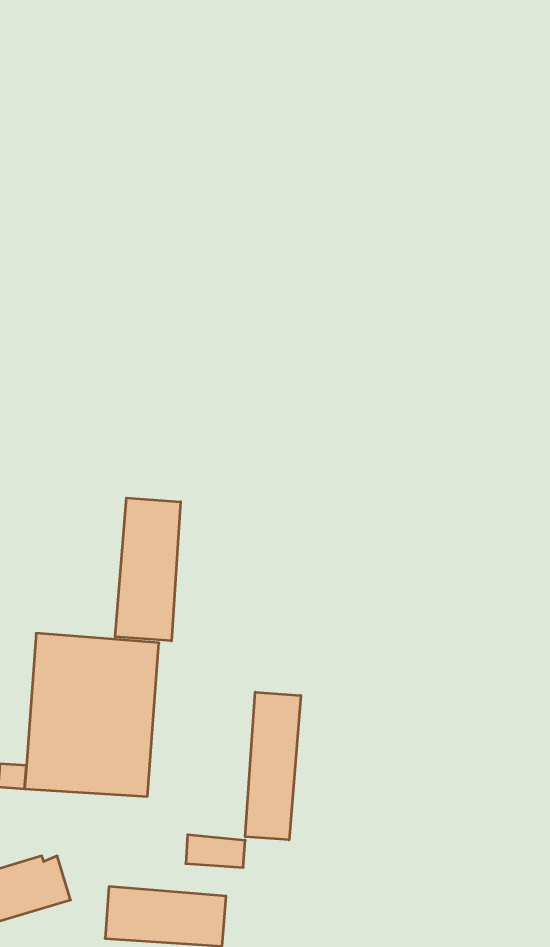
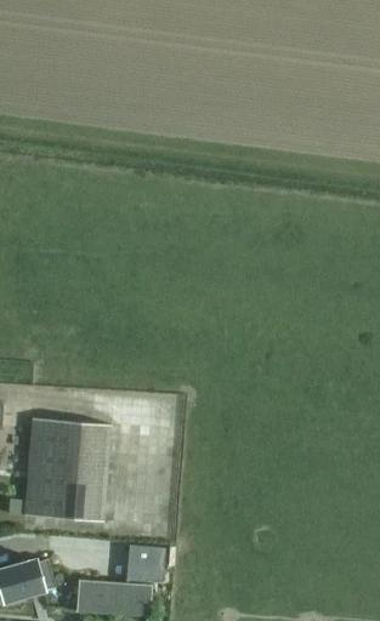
building: [115,498,181,641] -> none
building: [245,692,301,840] -> none

